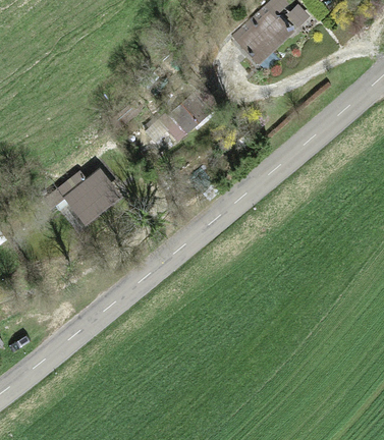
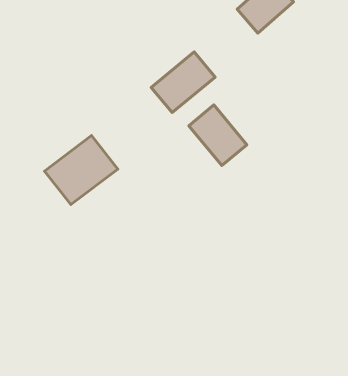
building: none -> [189,105,247,166]

